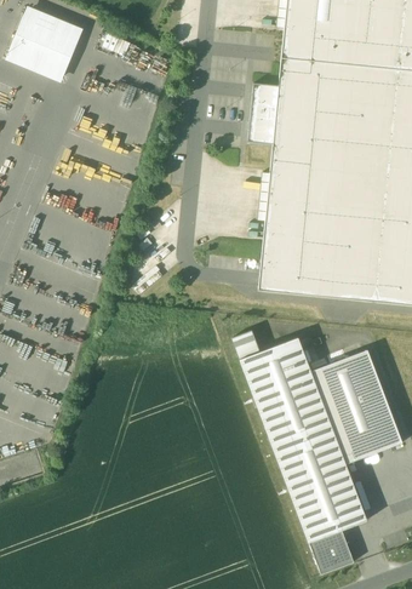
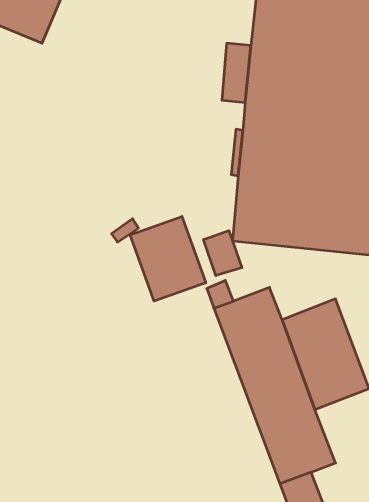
building: none -> [130,216,206,301]
building: none -> [204,231,242,276]

